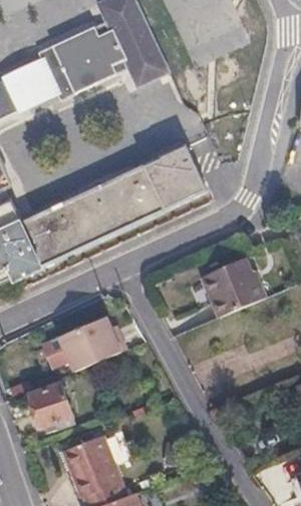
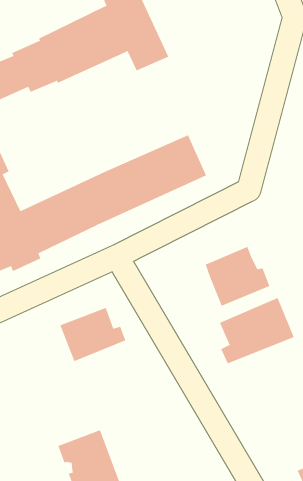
building: none -> [220,297,295,364]
building: [27,382,73,427] -> none

